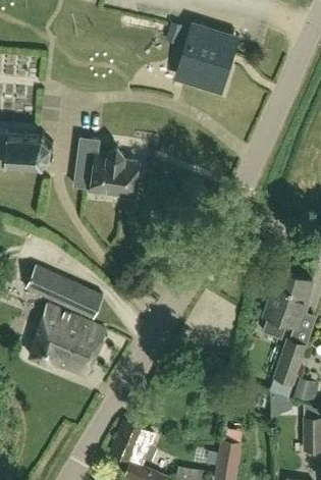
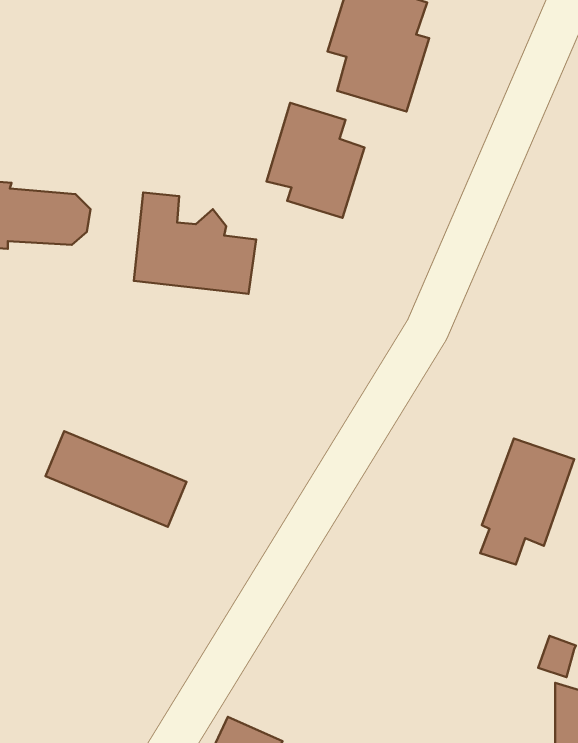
building: none -> [266,103,365,218]
building: [31,306,106,377] -> none
building: [269,338,308,398] -> none

